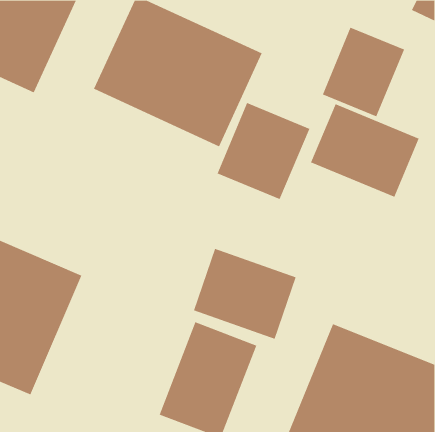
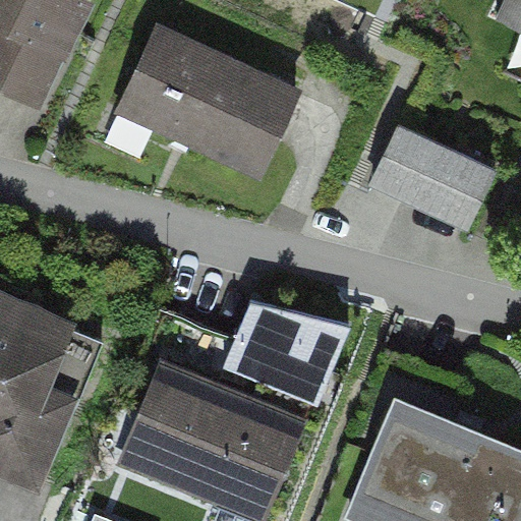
building: [322,27,405,117] -> none
building: [217,102,310,200] -> none
building: none -> [115,359,232,500]

